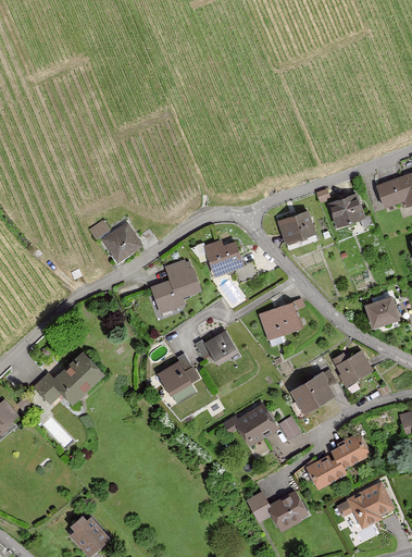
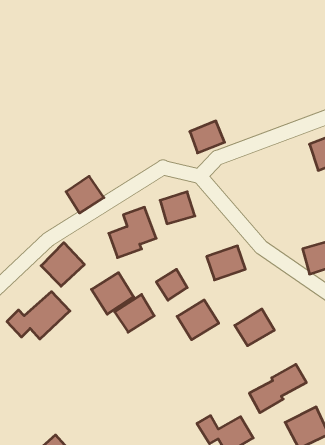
building: [327,191,367,228] -> none
building: [277,210,316,246] -> [190,121,225,153]
building: none -> [41,243,84,286]
building: none -> [91,273,134,314]
building: [335,349,373,385] -> none
building: [232,403,278,447] -> [177,300,219,340]

